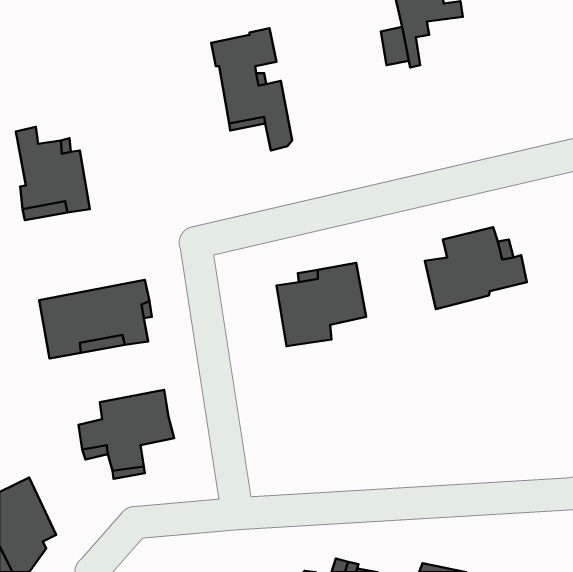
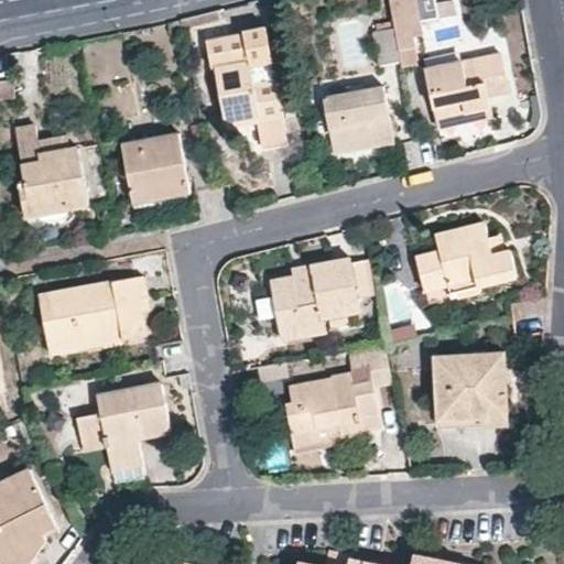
building: none -> [425,54,508,128]
building: none -> [323,87,393,154]
building: none -> [122,134,189,203]
building: none -> [285,341,393,451]
building: none -> [434,352,508,426]

